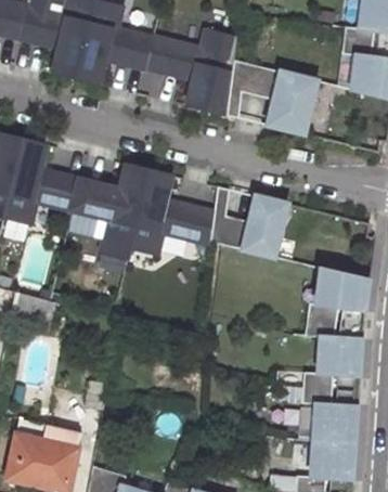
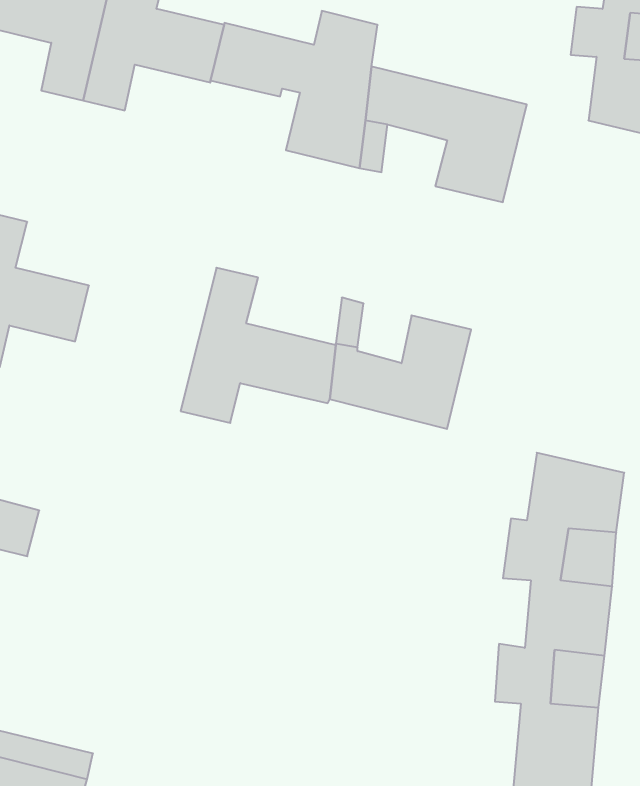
building: [72,164,148,257] -> none

